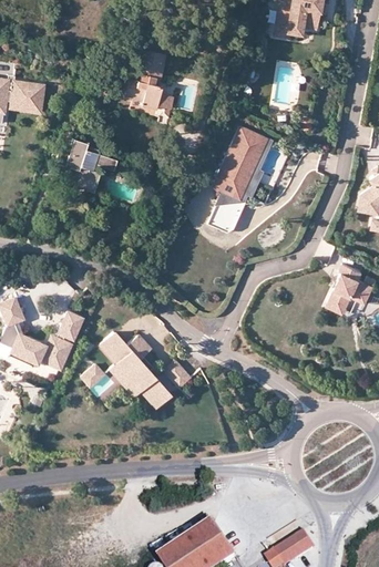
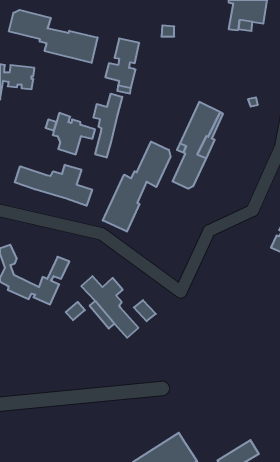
building: none -> [9,10,98,63]
building: none -> [94,94,122,158]
building: none -> [103,142,171,232]
building: none -> [15,165,92,206]

